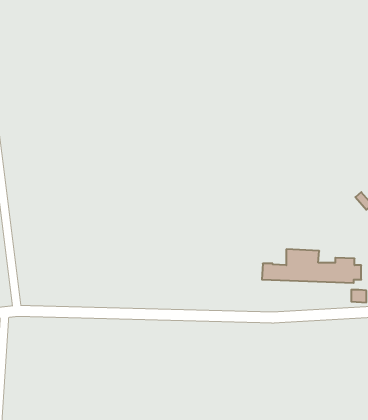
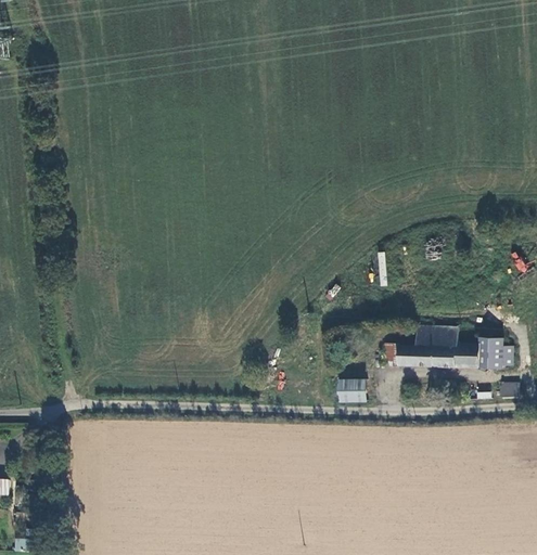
building: none -> [337,376,365,398]

